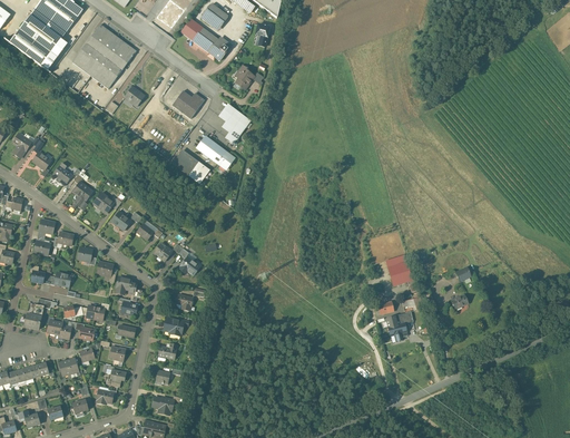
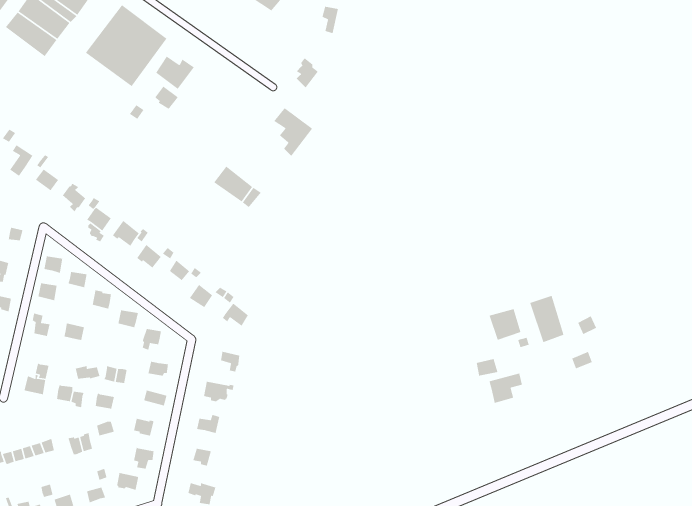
building: [191,27,229,60] -> none
building: [173,90,204,117] -> [155,56,195,90]
building: [196,136,234,168] -> none
building: none -> [529,295,564,343]

